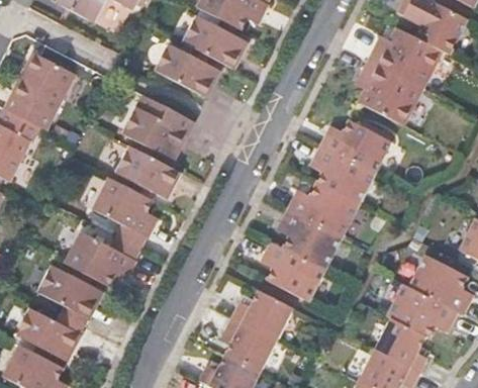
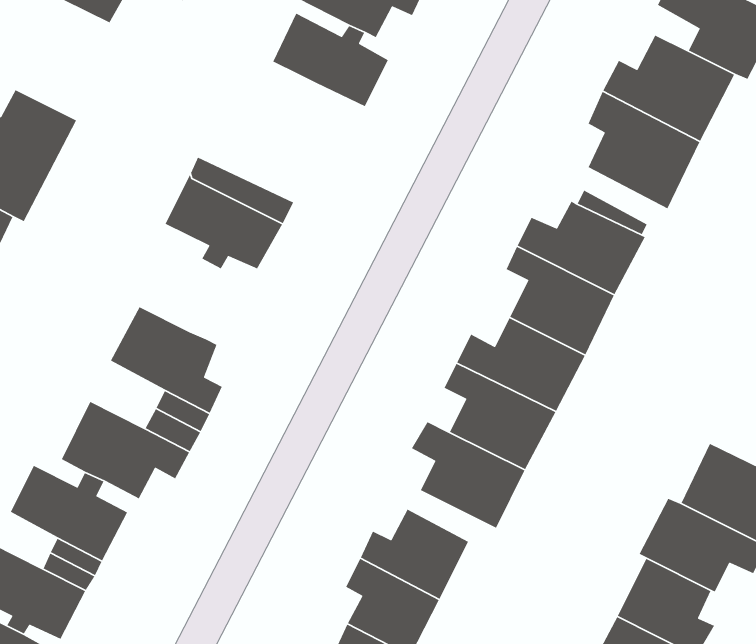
building: [155,43,220,96] -> none
building: [116,144,181,198] -> none

